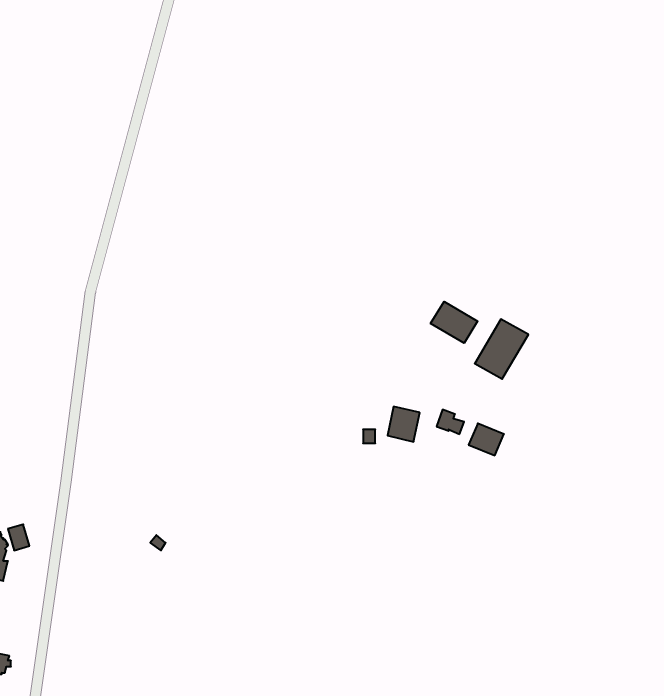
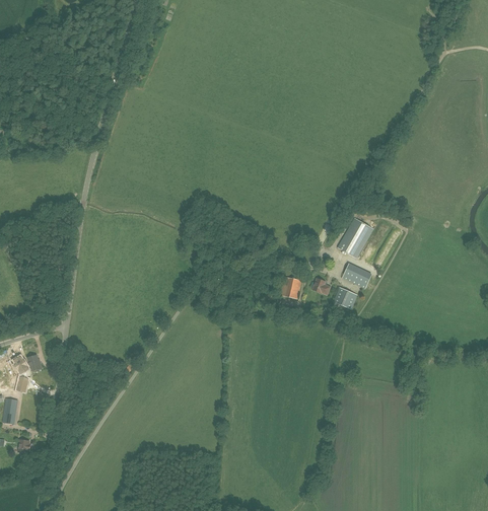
building: [431,302,478,343] -> none
building: none -> [341,264,371,288]

